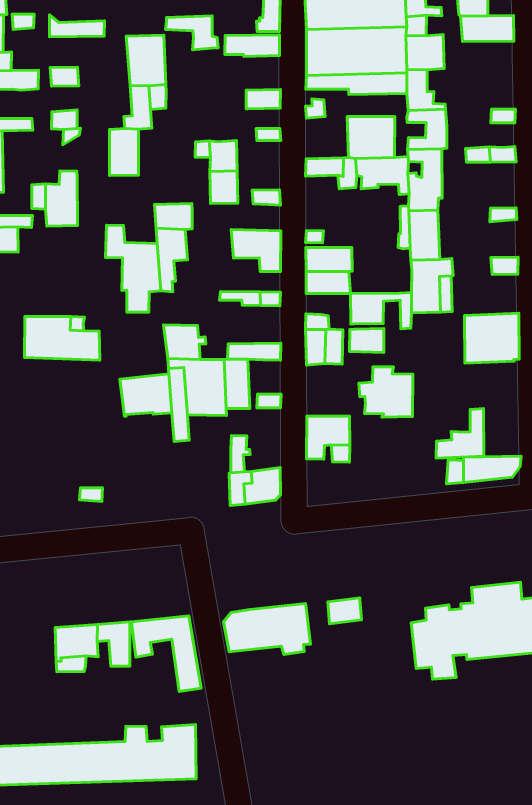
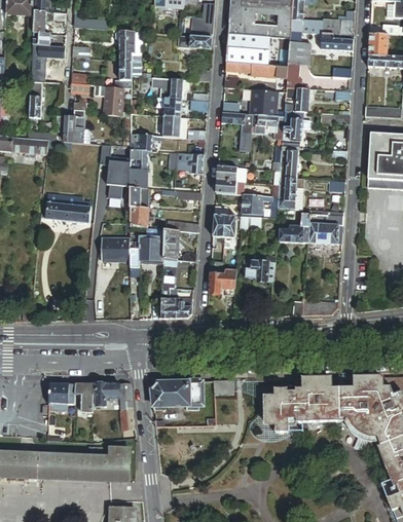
building: [166,16,218,50] -> [154,77,185,98]
building: none -> [129,185,149,208]
building: [436,409,484,458] -> [280,214,310,243]

